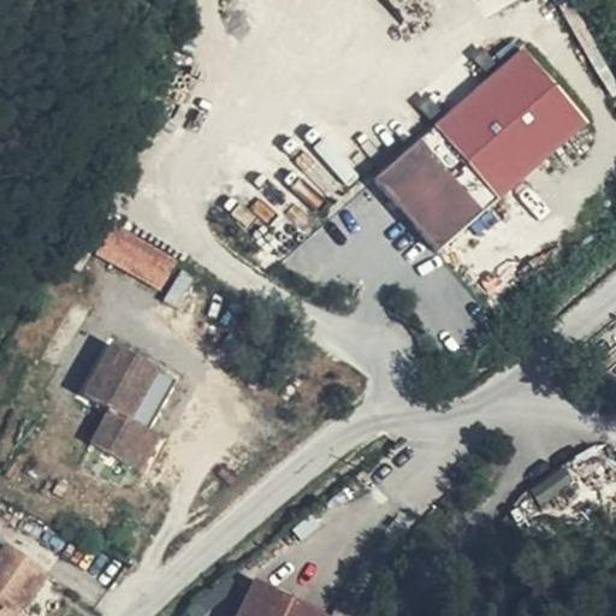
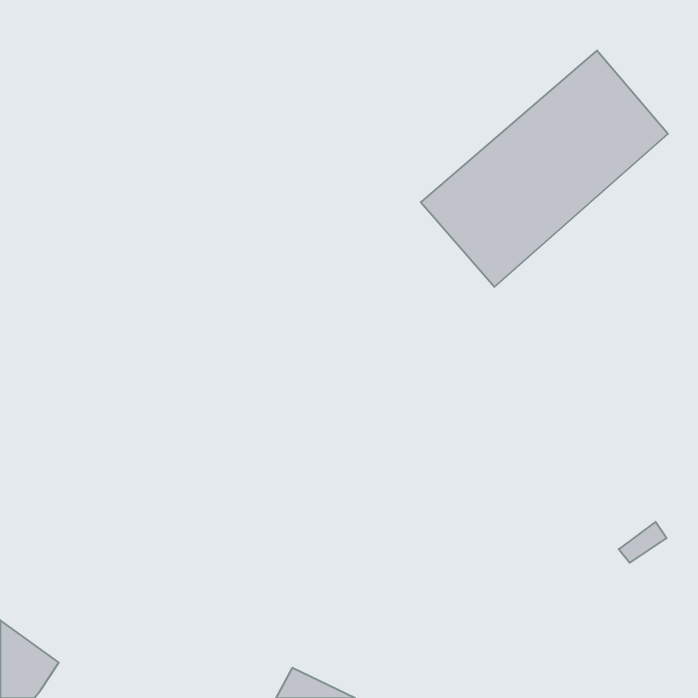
building: [96,226,177,286] -> none
building: [83,342,176,469] -> none

